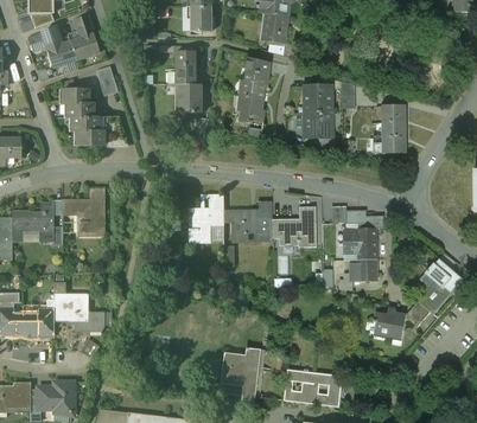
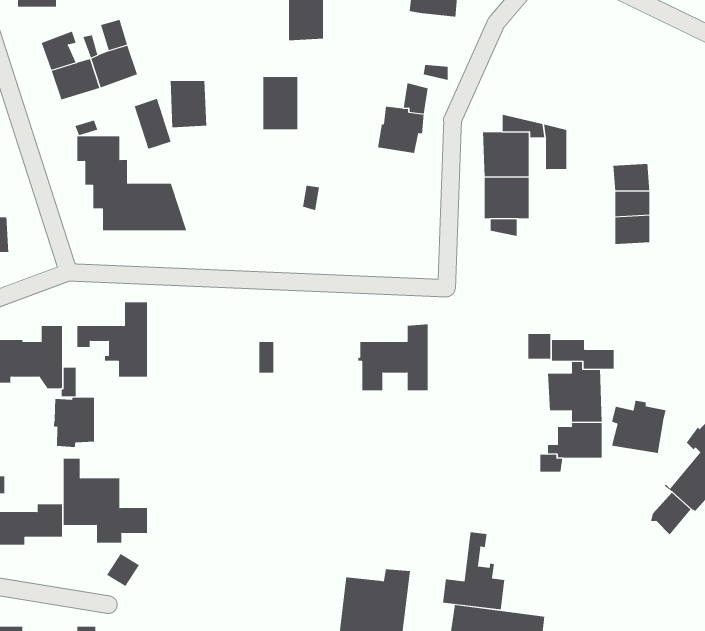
building: [262,14,288,44] -> none
building: [177,84,199,113] -> [170,80,207,128]
building: [238,95,265,123] -> none
building: [190,197,222,239] -> none
building: [272,206,316,246] -> none
building: none -> [53,397,95,448]
building: [373,308,406,340] -> [611,400,666,454]
building: none -> [443,531,505,610]

